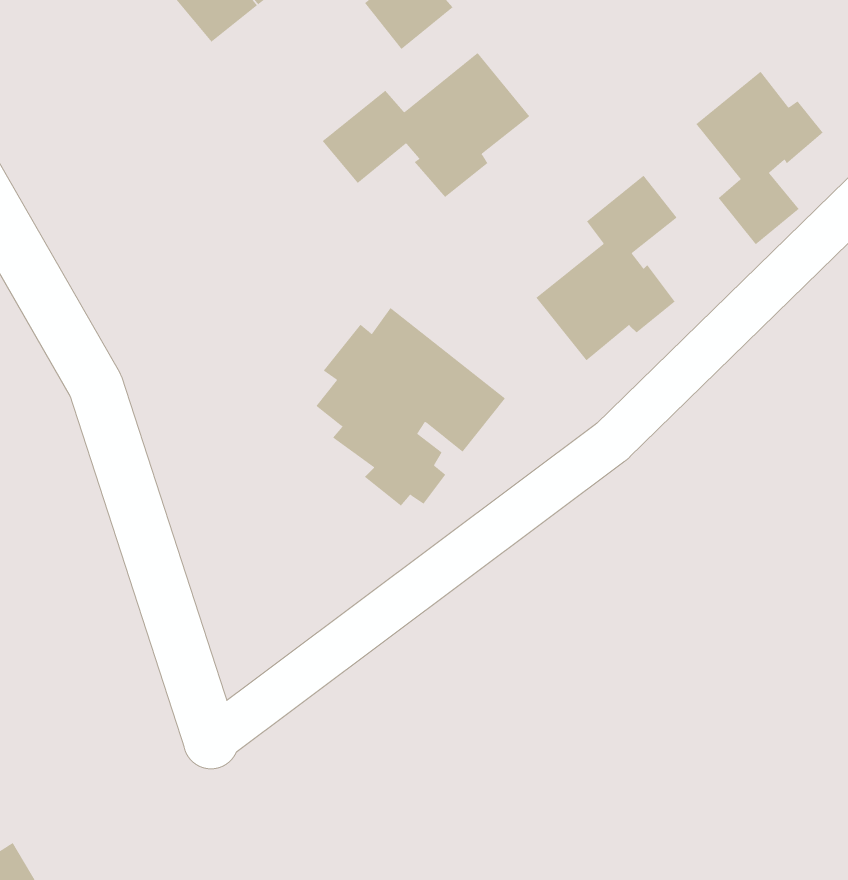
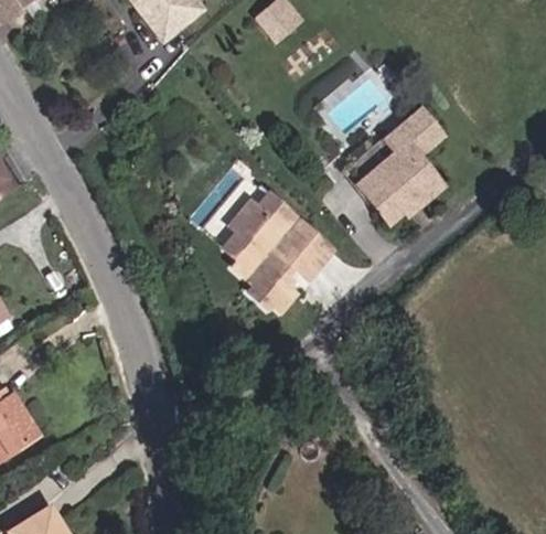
building: [322,52,530,198] -> none
building: [695,71,824,245] -> none

